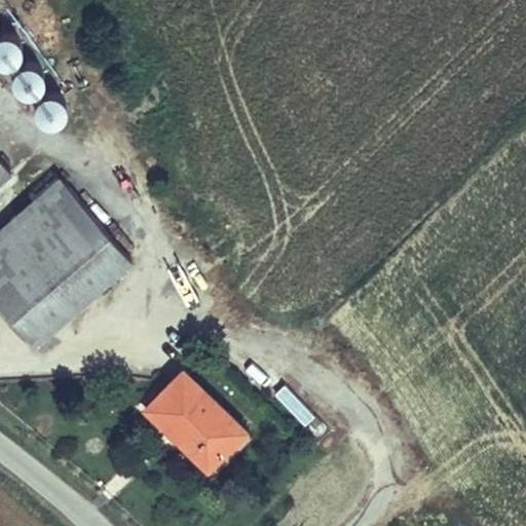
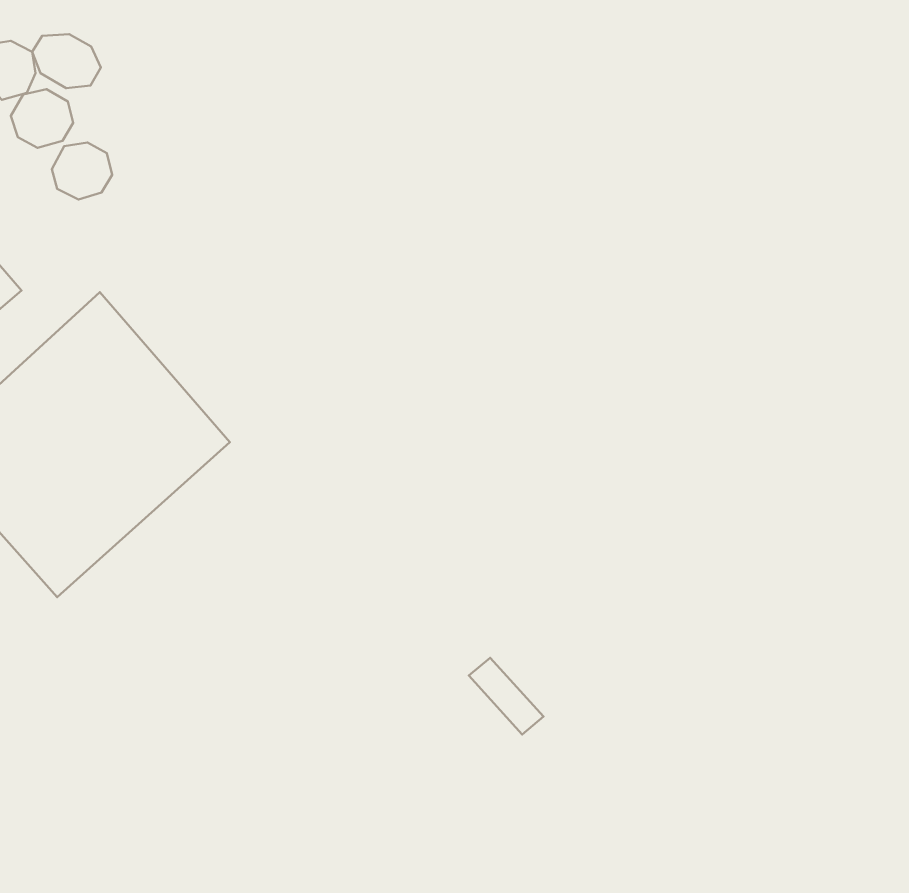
building: none -> [32,34,101,88]
building: [137,370,249,478] -> none

